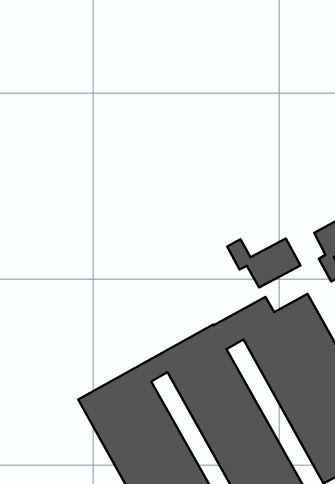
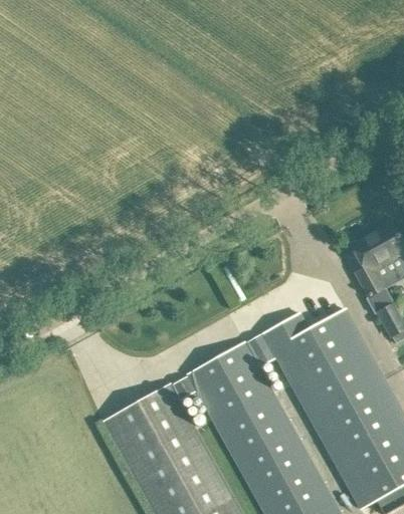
building: [227,239,301,288] -> none

